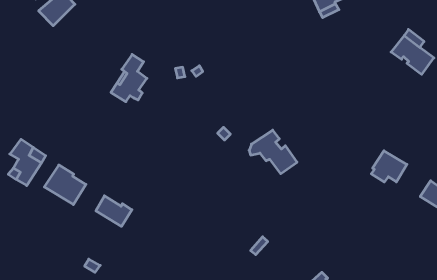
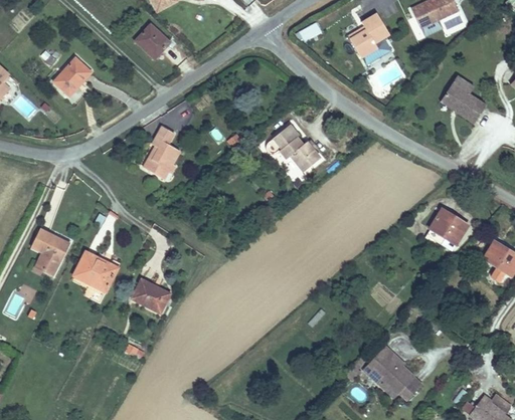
building: [249,130,297,174] -> [266,125,319,172]

